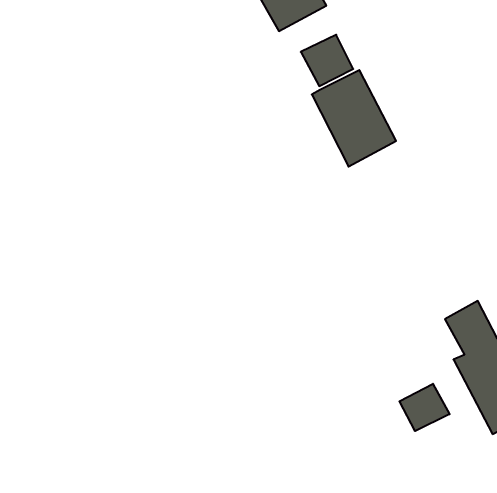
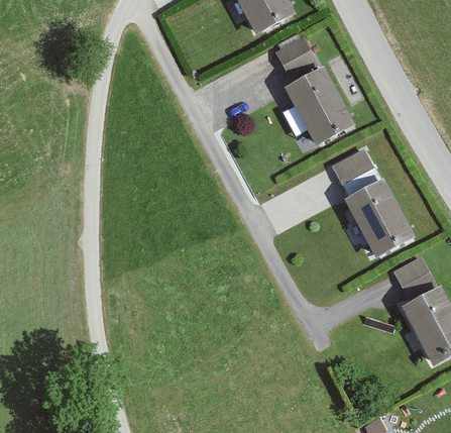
building: none -> [332,148,415,256]
building: [399,384,450,431] -> none

